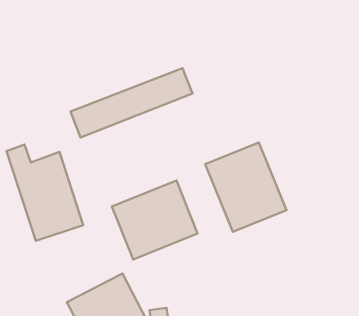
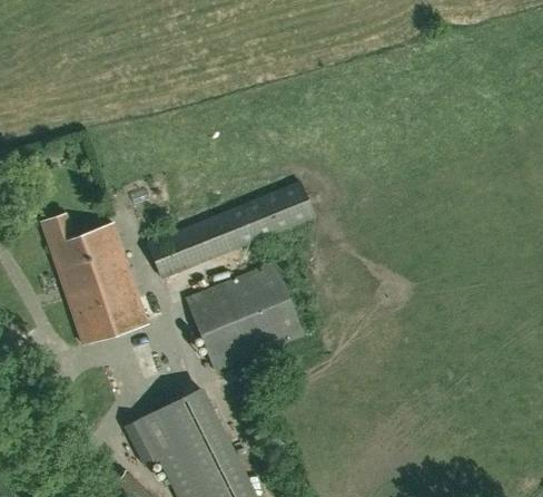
building: [71,68,192,138] -> [148,183,314,277]
building: [205,142,287,232] -> none

